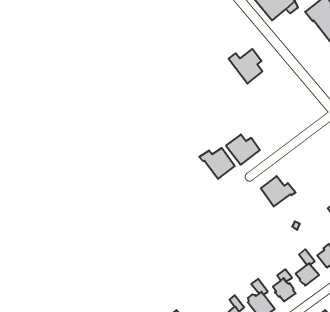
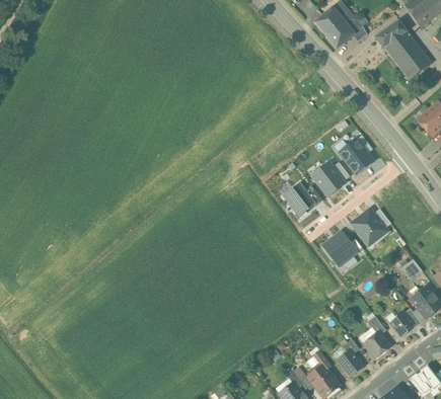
building: [229,49,262,84] -> [335,135,374,175]
building: none -> [315,162,350,196]
building: [199,148,235,179] -> none
building: none -> [352,209,391,243]

